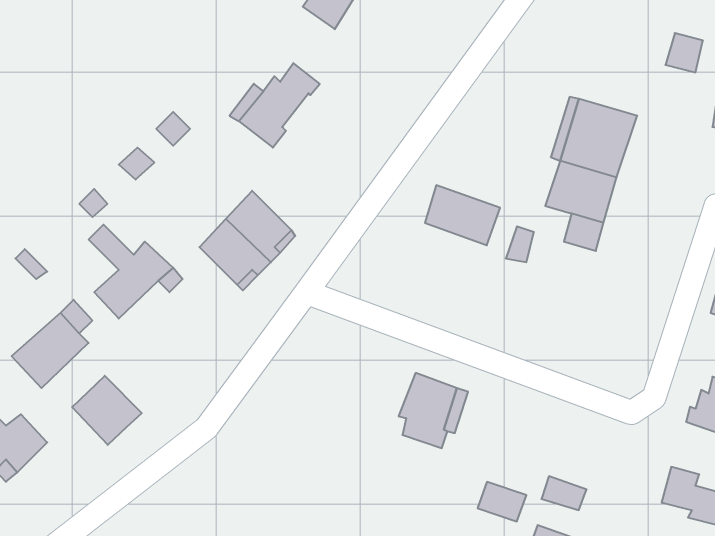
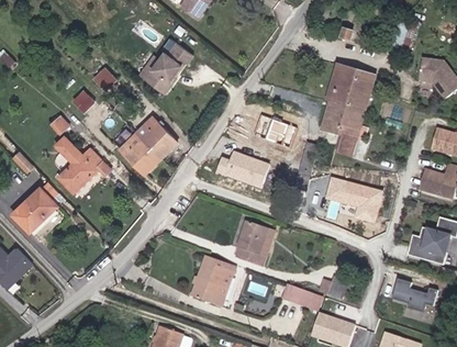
building: none -> [213,148,269,188]
building: none -> [322,176,382,223]
building: [72,376,142,445] -> none
building: none -> [187,257,232,309]

